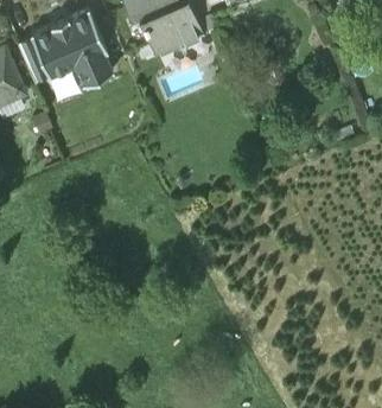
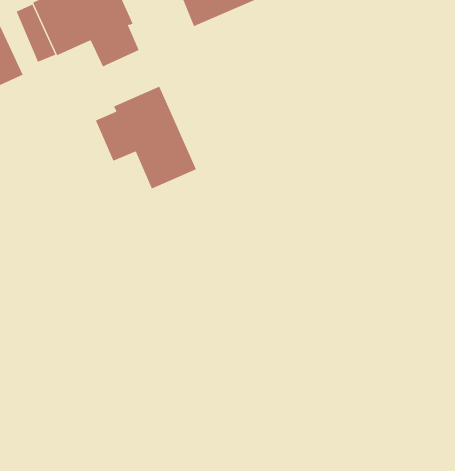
building: none -> [95,86,196,190]

